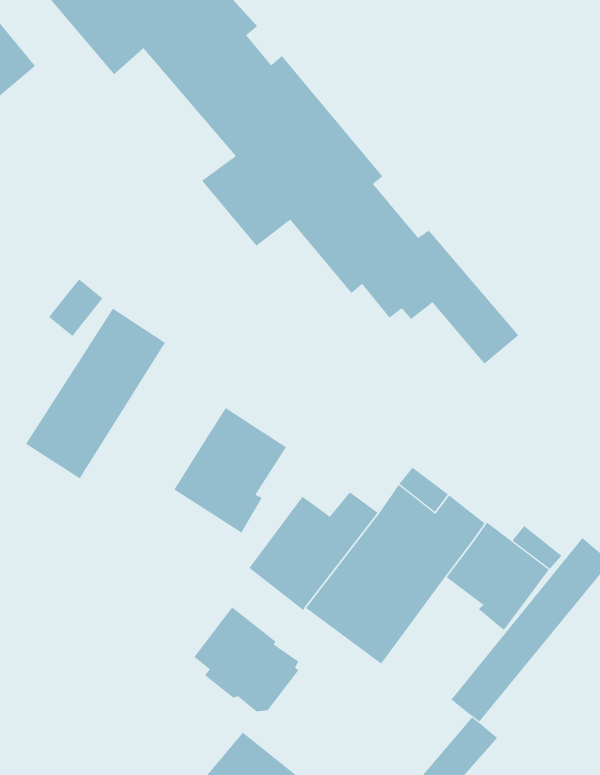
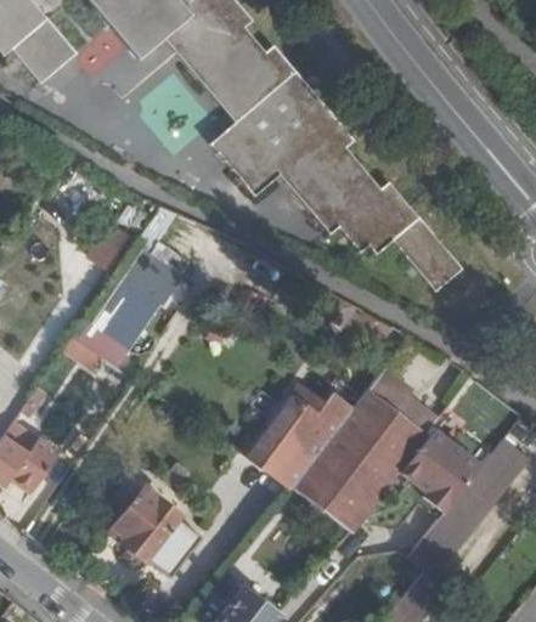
building: [173,408,287,533] -> none
building: [194,606,299,712] -> [113,486,197,570]

